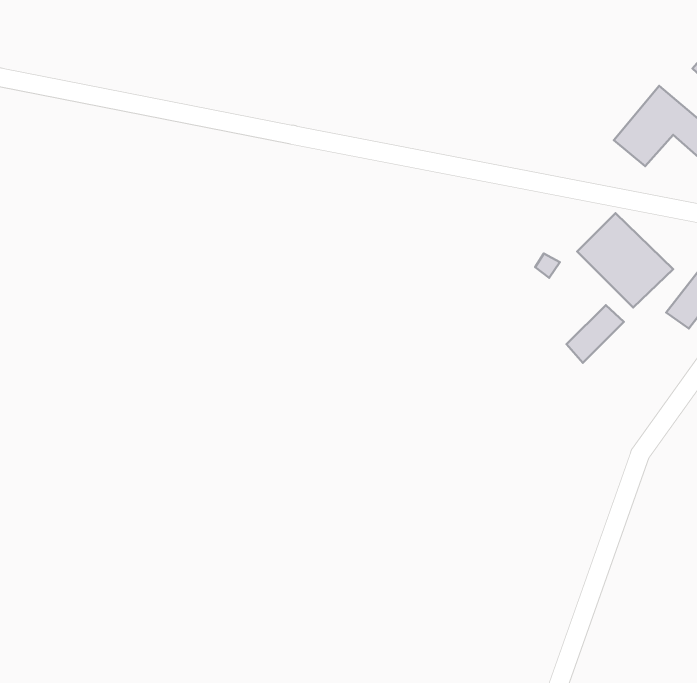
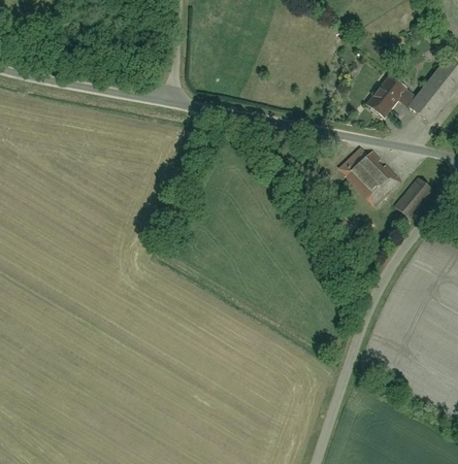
building: [566,305,624,363] -> none

